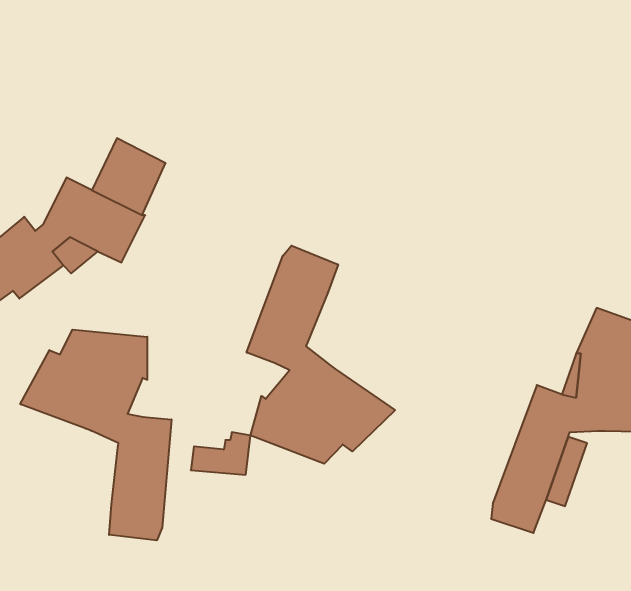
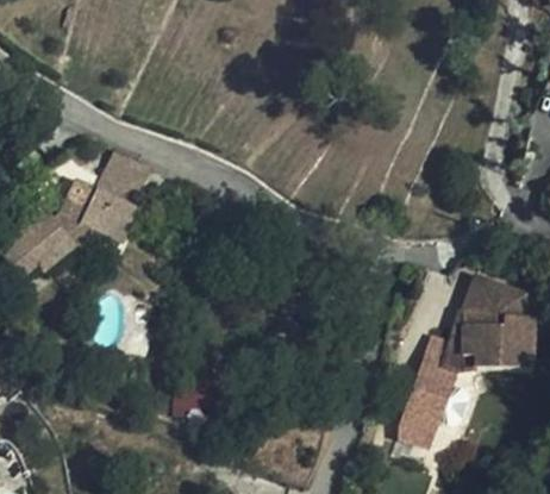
building: [247,246,395,464] -> none
building: [20,330,171,540] -> none

